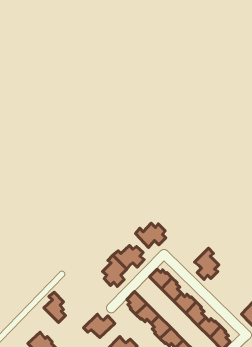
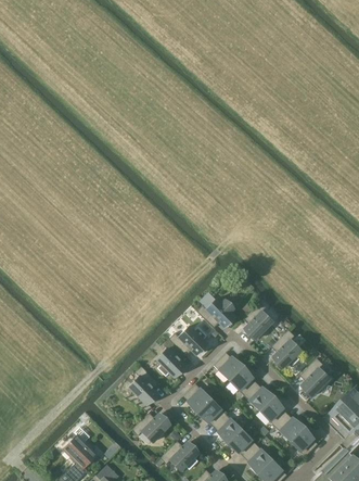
building: none -> [244,302,274,341]
building: none -> [304,358,331,397]
building: [44,292,65,323] -> [130,367,157,405]

